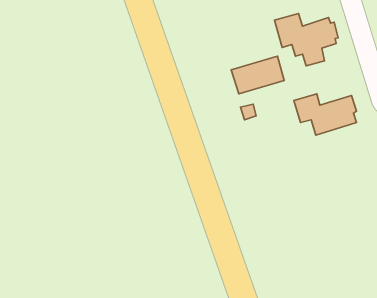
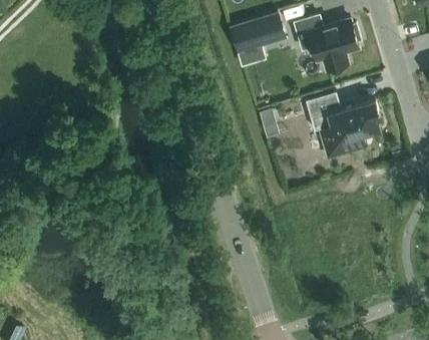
building: [231,56,284,94] -> [231,14,286,53]

